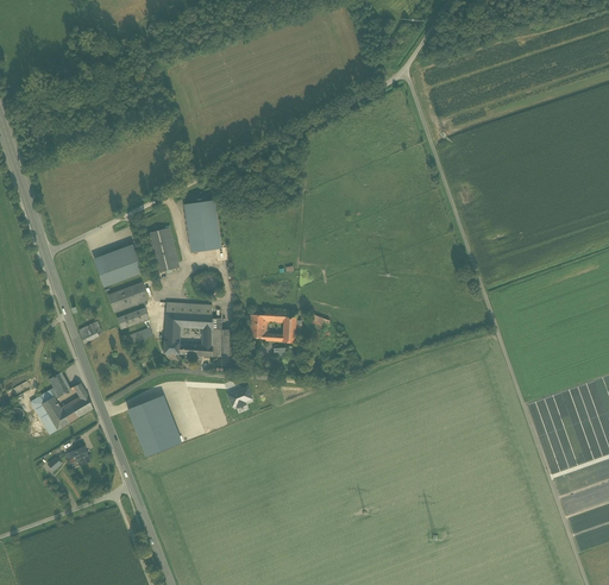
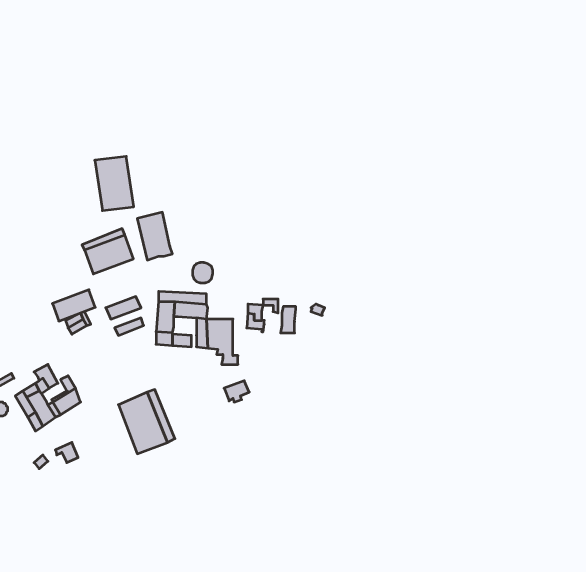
building: [183,200,220,251] -> [95,156,134,211]
building: [107,282,147,312] -> [52,290,95,321]

